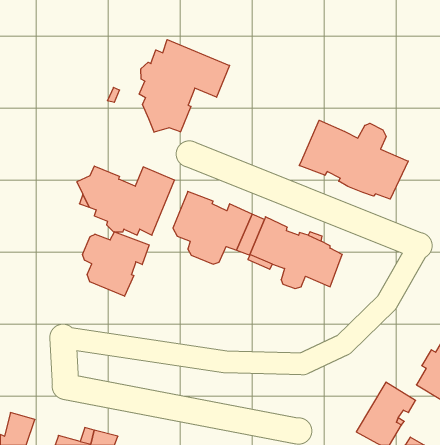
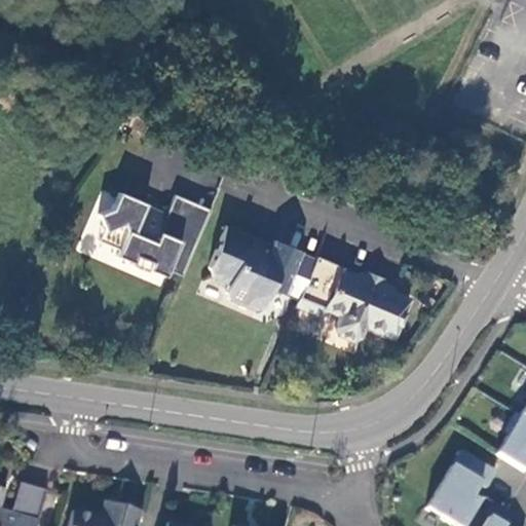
building: [139,40,230,132] -> none
building: [299,120,408,199] -> none
building: [83,232,149,296] -> none

